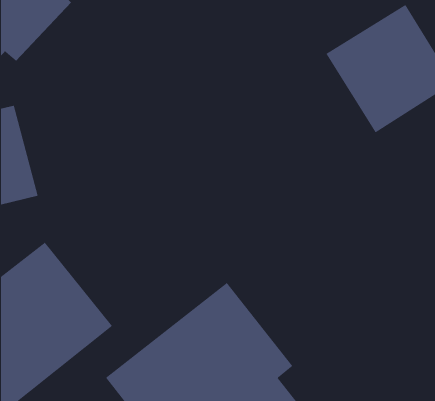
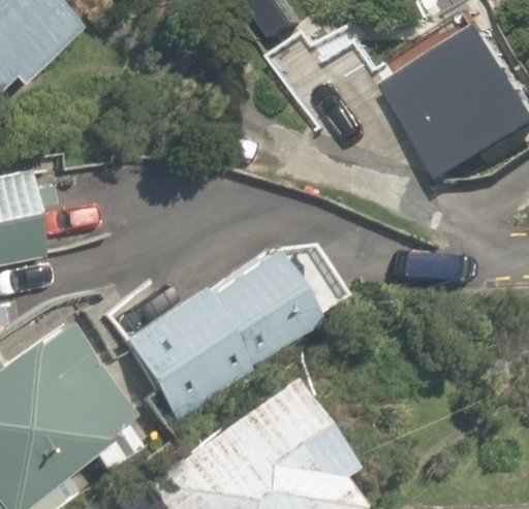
building: none -> [116,252,315,422]

